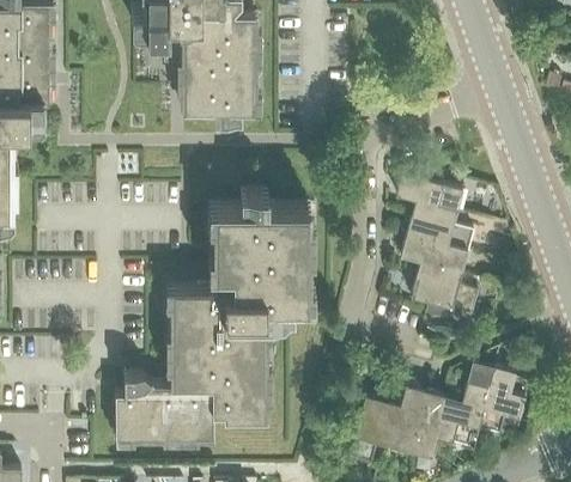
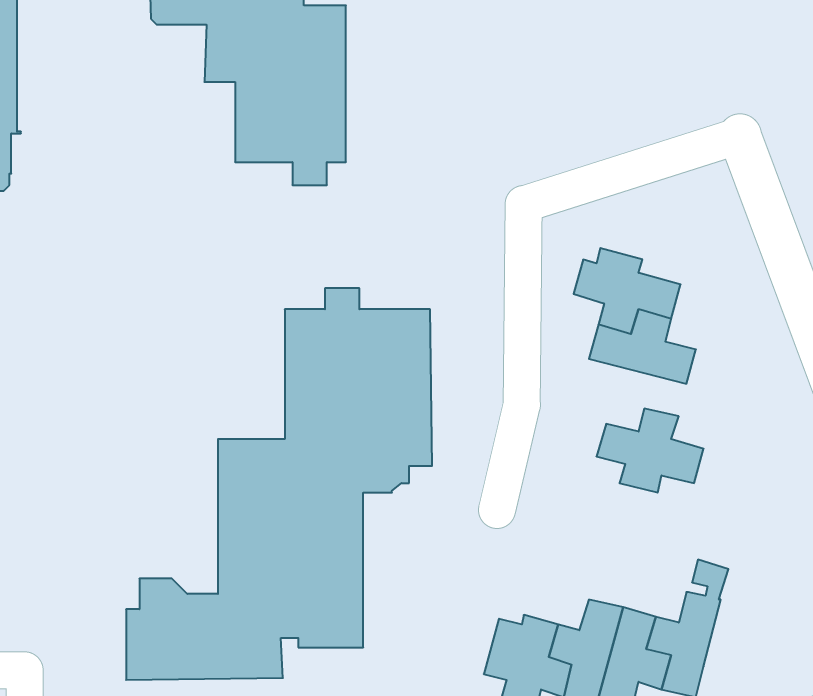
building: [401,237,467,282] -> none
building: [478,368,524,434] -> none

